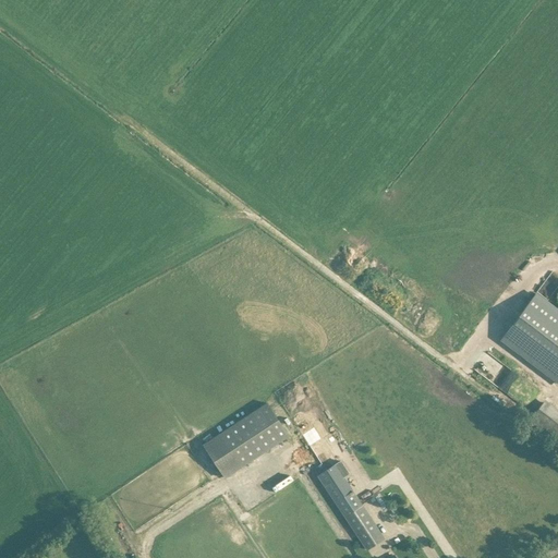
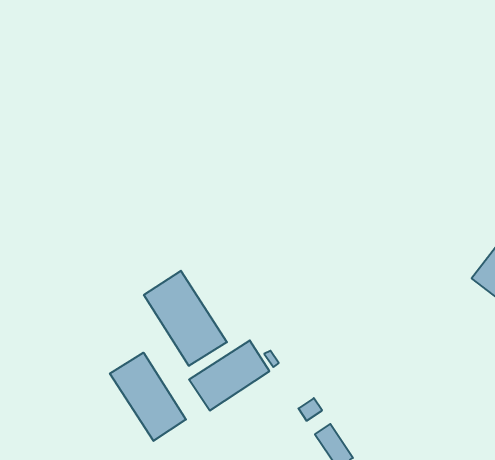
building: none -> [144,271,227,366]
building: none -> [110,353,186,441]

